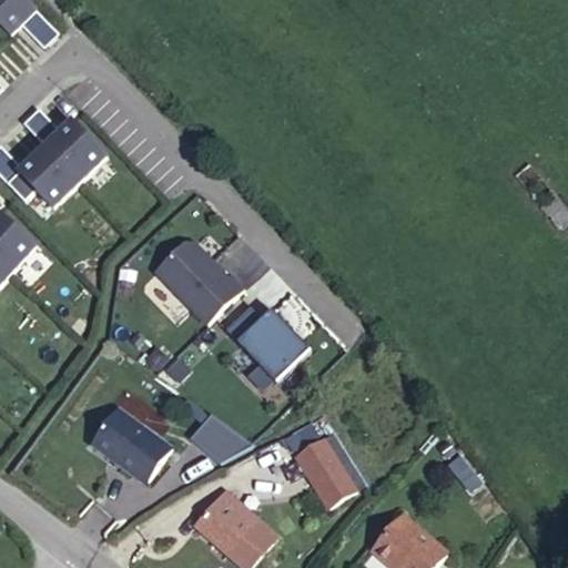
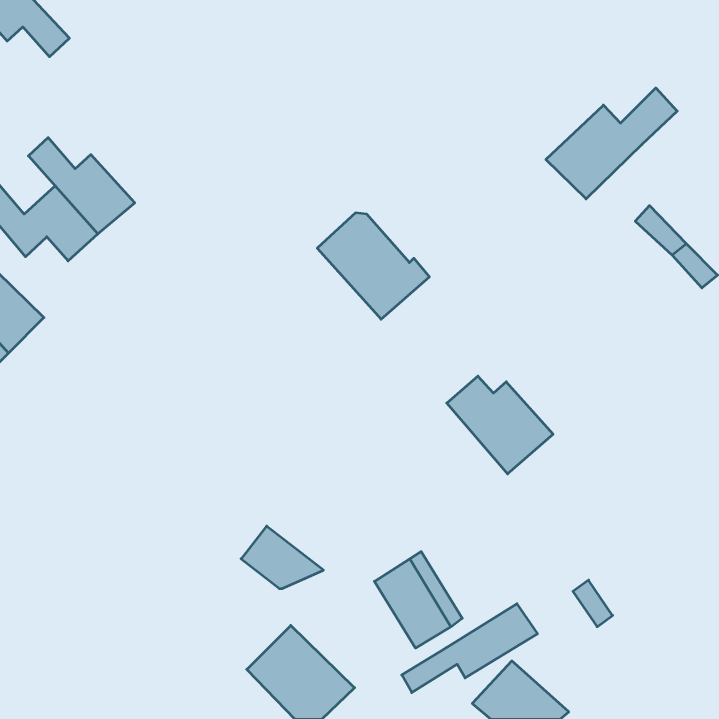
building: none -> [546,88,677,199]
building: [154,237,242,321] -> [317,213,429,319]
building: [225,306,308,383] -> [447,376,553,474]
building: [90,406,171,483] -> none
building: none -> [402,604,537,693]

